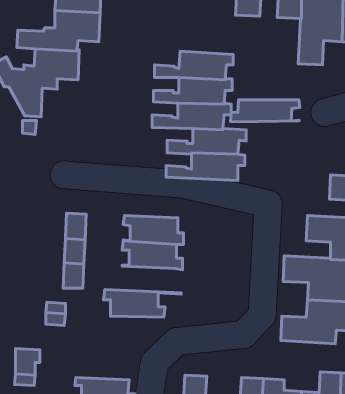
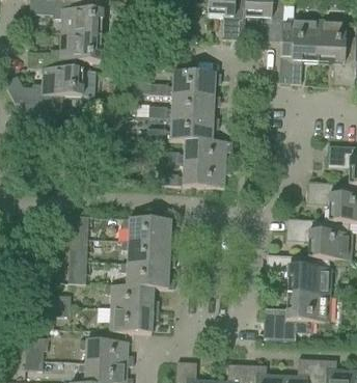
building: [231,100,300,122] -> none
building: none -> [119,264,173,288]
building: none -> [103,308,158,332]
building: none -> [79,339,133,365]

